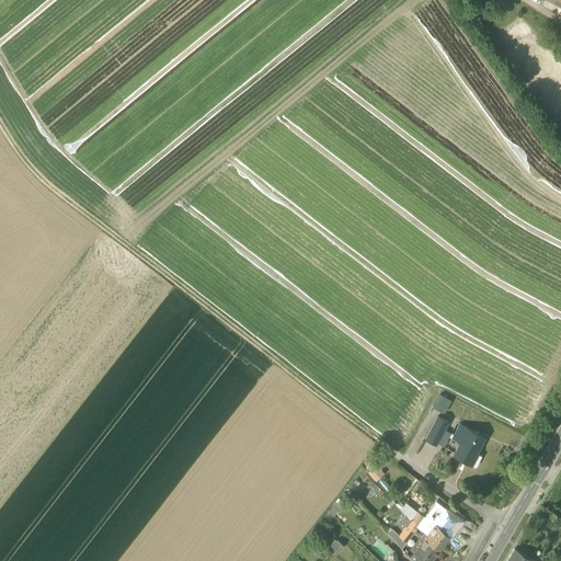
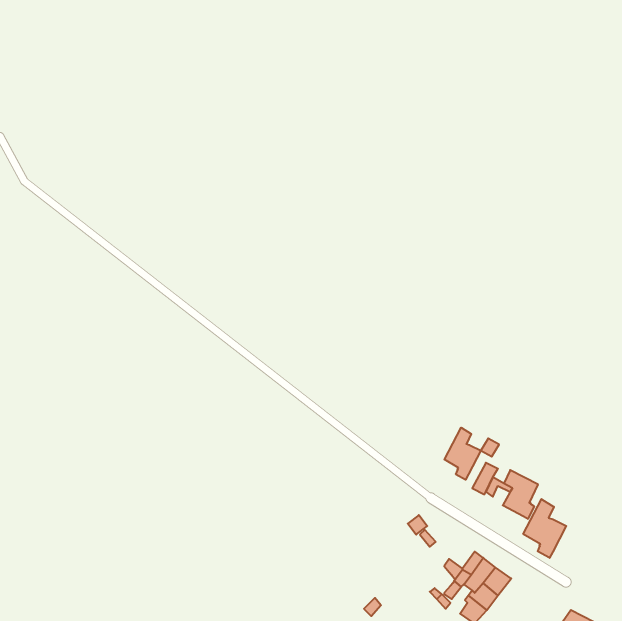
building: none -> [444,428,481,480]
building: none -> [523,499,566,558]

